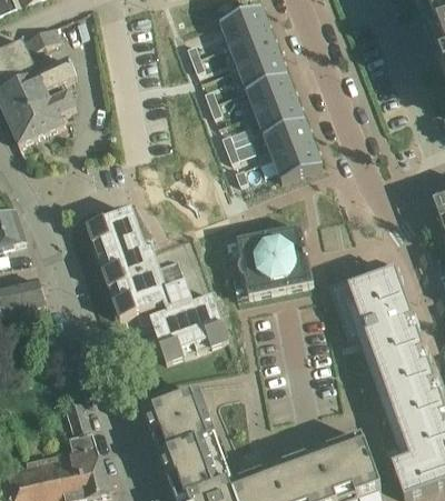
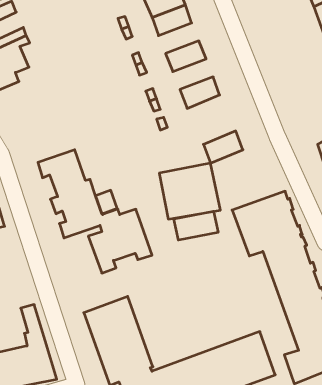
building: [236,53,286,91] -> none
building: [254,98,304,136] -> none
building: [271,142,320,182] -> [203,131,243,163]
building: none -> [174,211,218,240]

